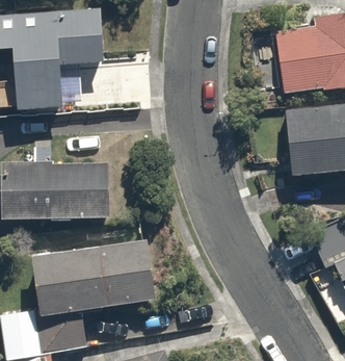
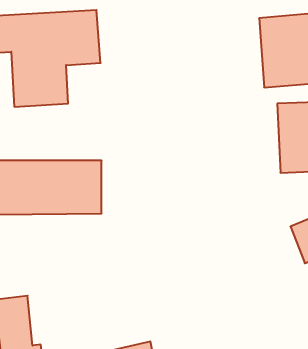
building: [31,238,153,351] -> none

